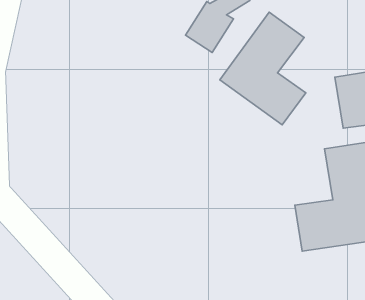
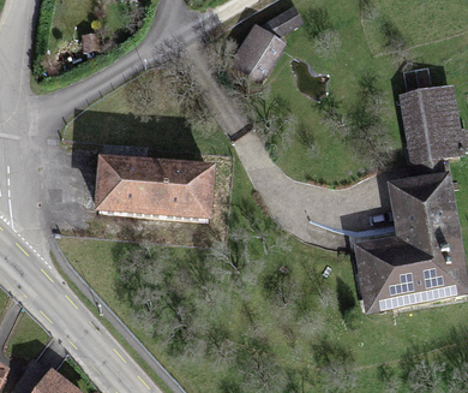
building: [220,12,306,125] -> none
building: none -> [98,161,210,219]

